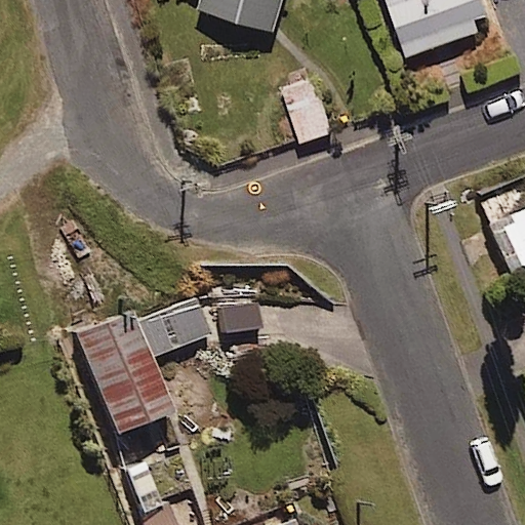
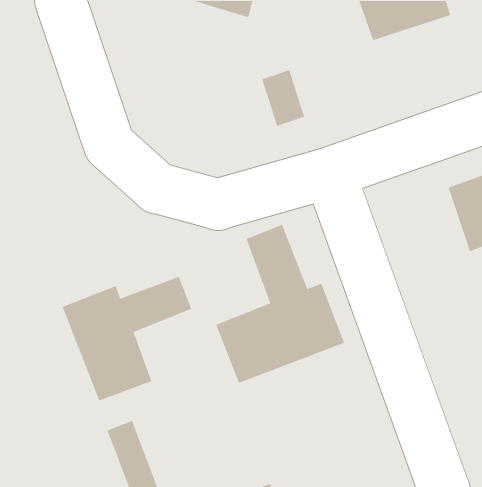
building: none -> [215,224,345,384]

